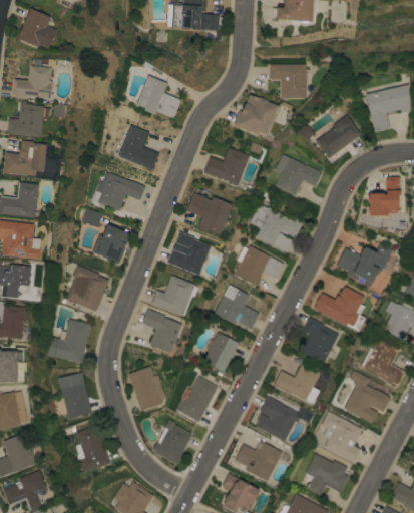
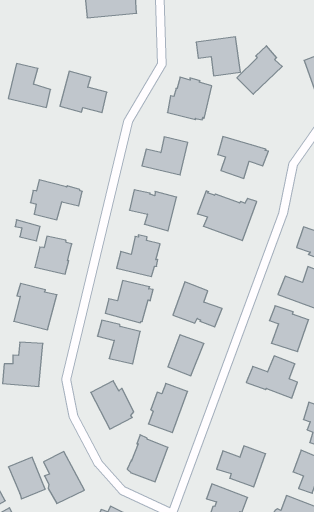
building: [316,114,359,157] -> [237,46,282,94]
building: [118,125,158,169] -> [8,64,51,107]
building: [235,245,284,285] -> none
building: [60,381,91,418] -> [8,457,45,499]
building: [256,397,302,441] -> none

